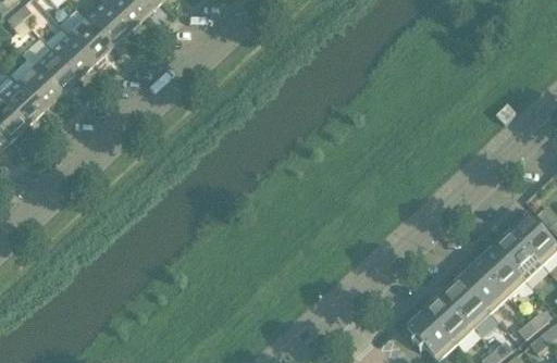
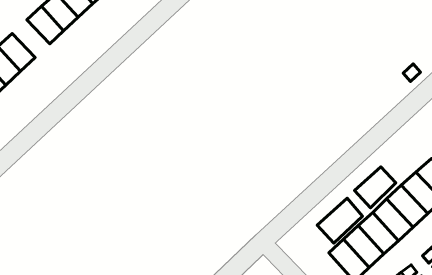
building: [30,51,75,96] -> none
building: none -> [355,167,396,208]
building: none -> [317,198,363,243]

